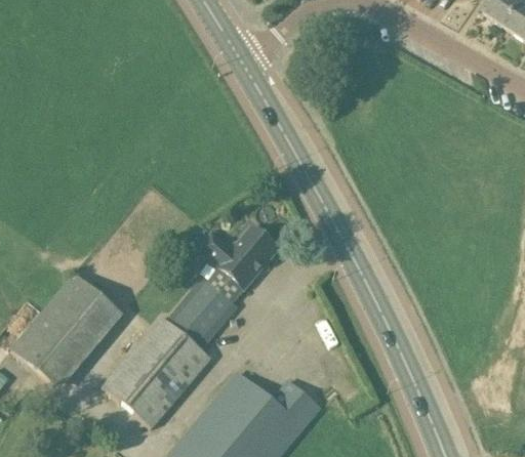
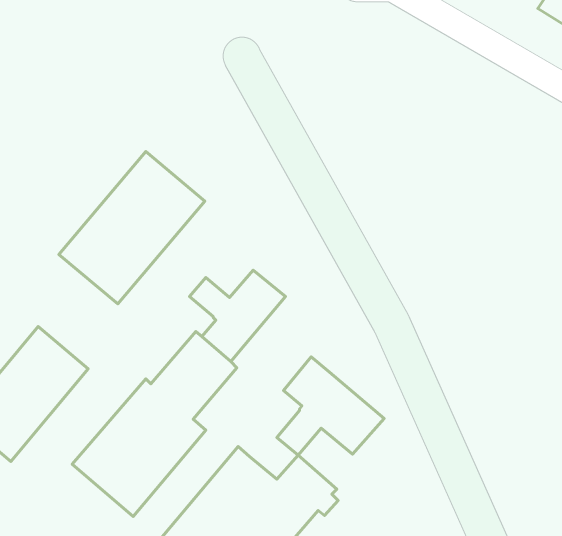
building: none -> [59,152,205,304]
building: none -> [277,357,384,455]

